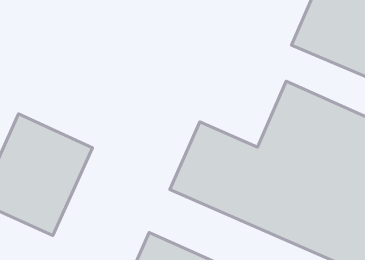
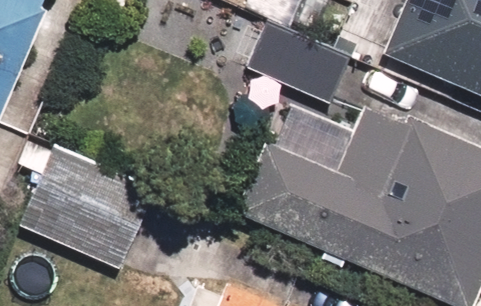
building: none -> [234,15,357,113]

